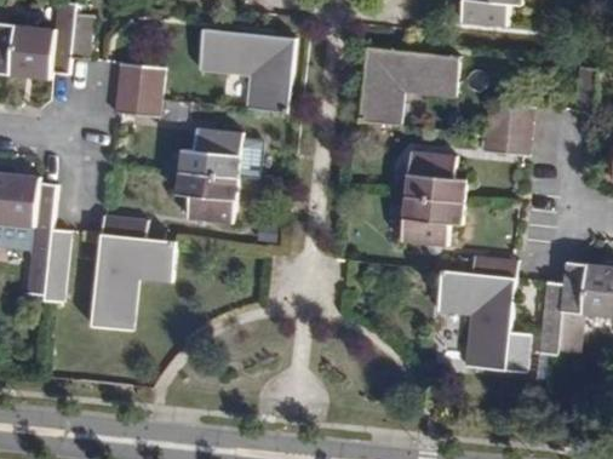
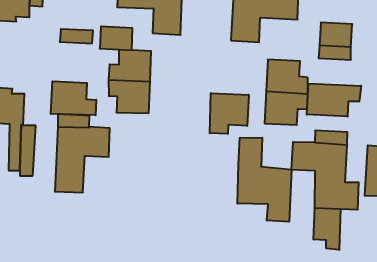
building: [115,61,164,97] -> [100,26,132,50]
building: none -> [51,81,96,115]
building: none -> [307,84,361,117]
building: none -> [210,93,249,134]
building: none -> [237,138,292,222]
building: none -> [314,208,340,250]

